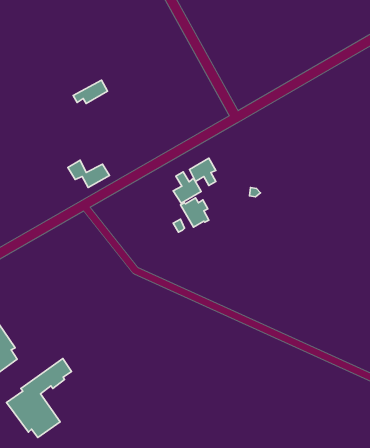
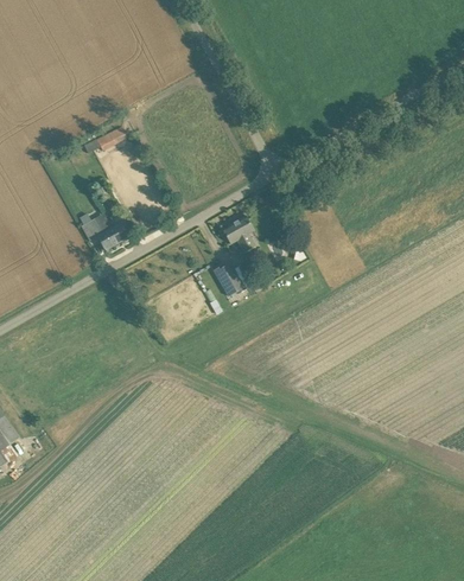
building: [173,172,201,203] -> none
building: [6,359,71,437] -> none

